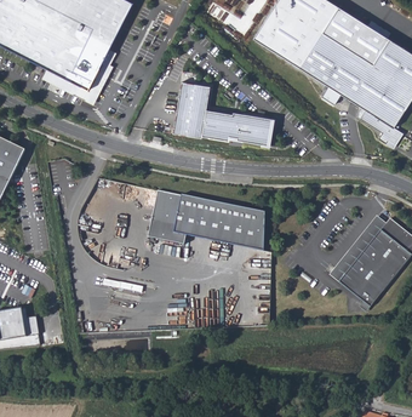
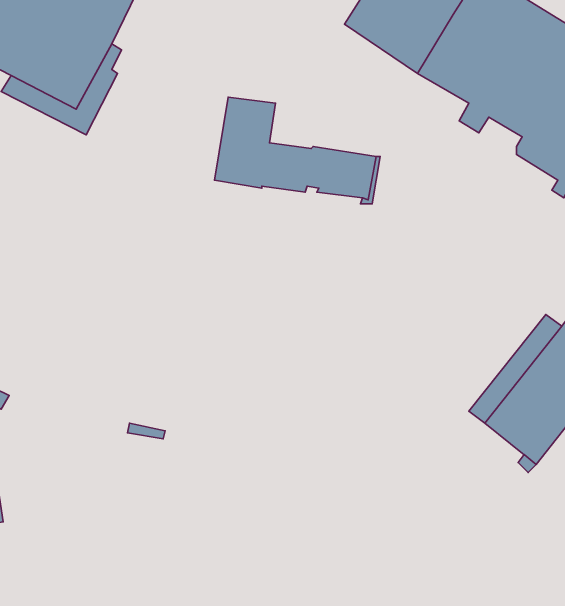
building: [147,189,263,250] -> none

